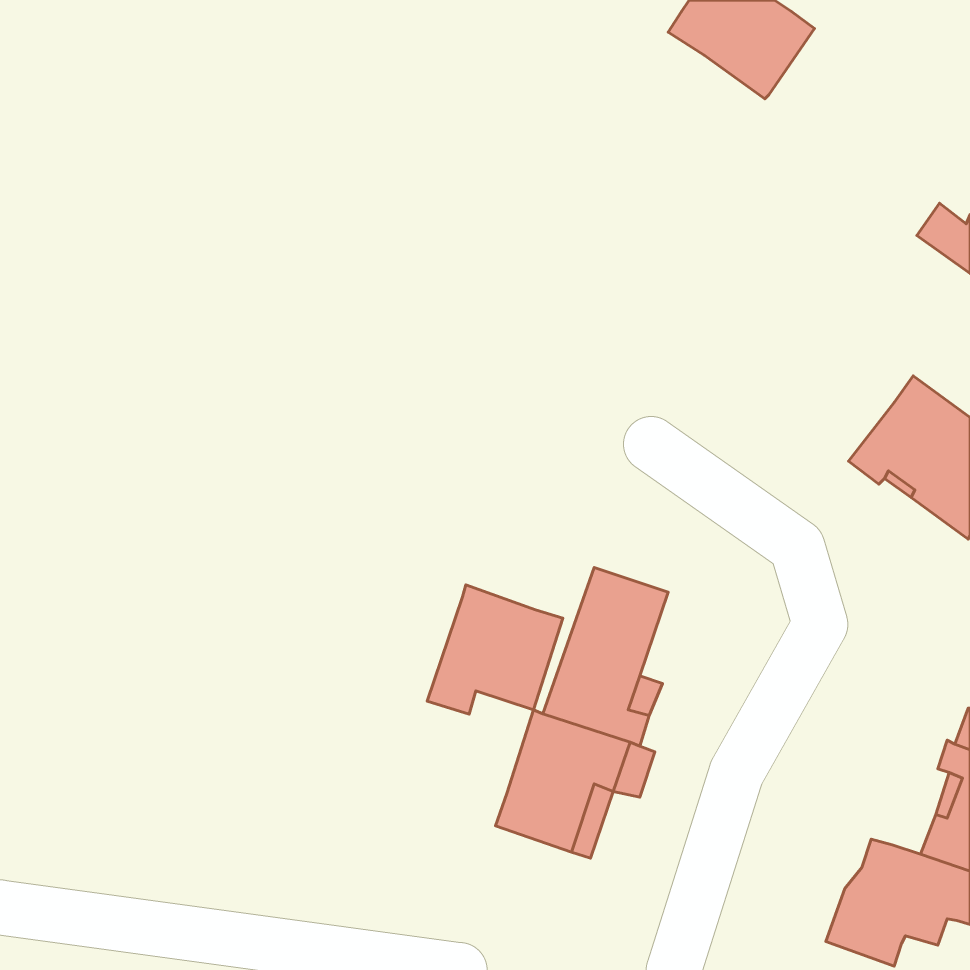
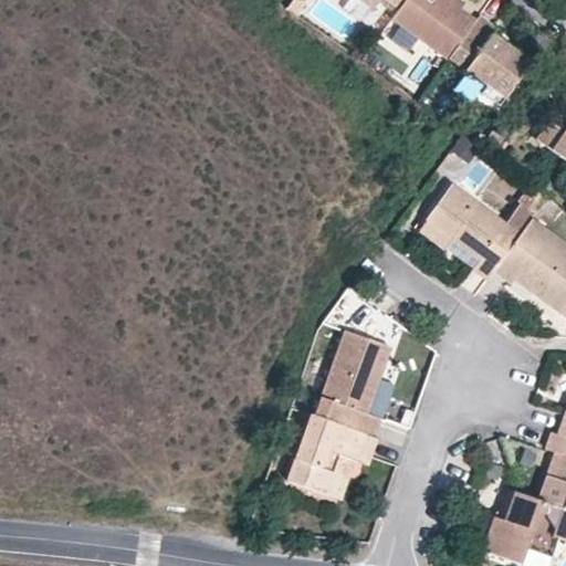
building: none -> [448,12,530,103]
building: none -> [419,185,521,277]
building: [427,585,563,714] -> none

